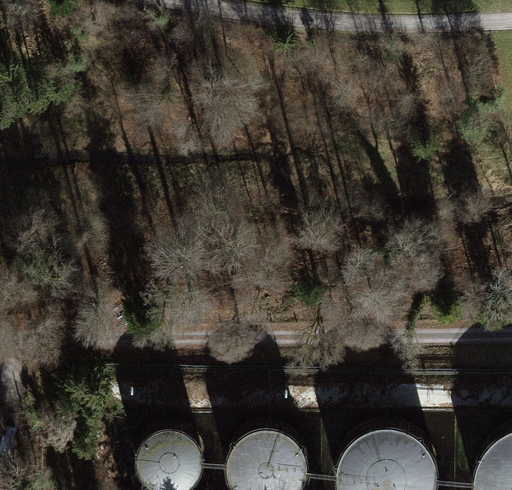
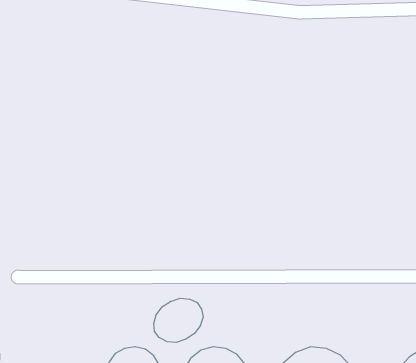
building: none -> [154,298,203,342]

